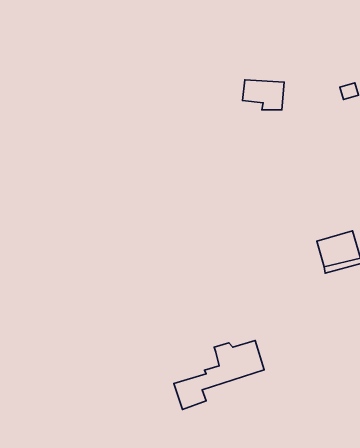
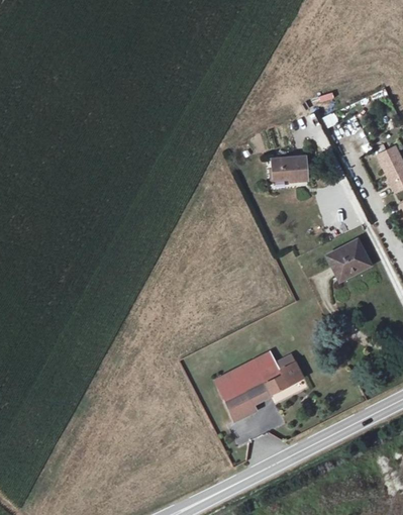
building: [242,80,284,110] -> [271,154,307,182]
building: none -> [218,367,261,400]

